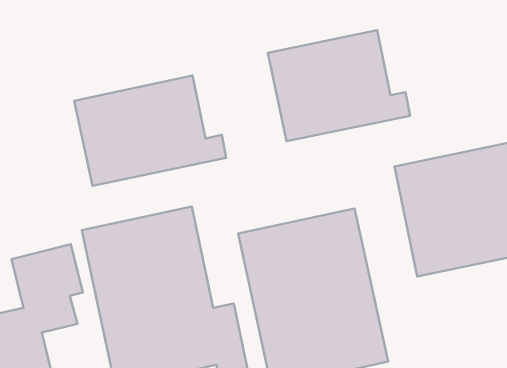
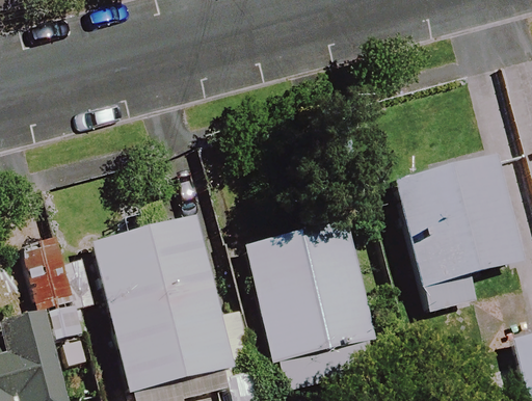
building: [268,30,410,141] -> none
building: [74,75,226,186] -> none

